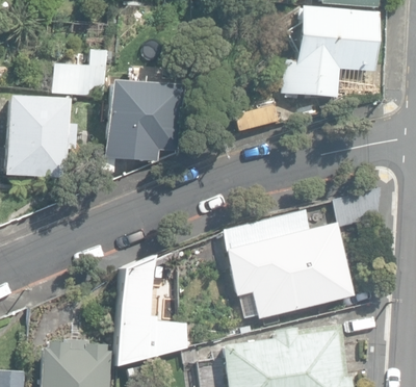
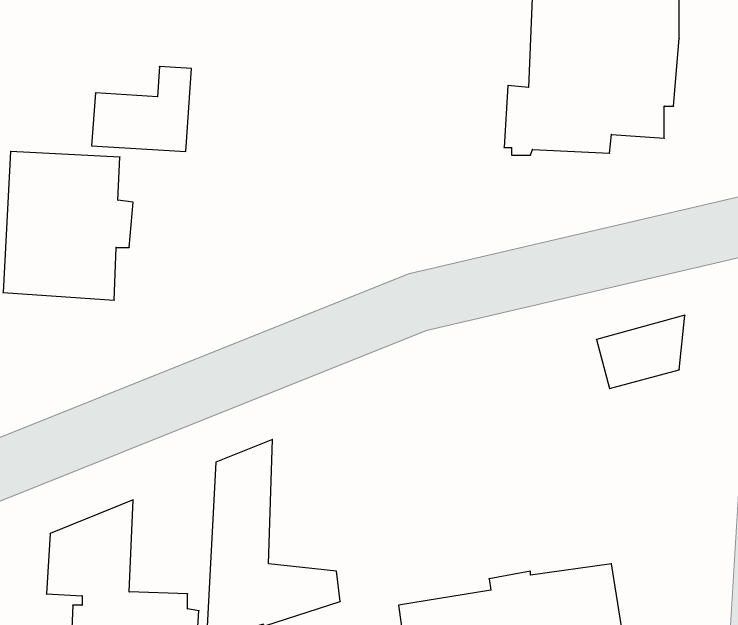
building: [105,81,182,160] -> none
building: [220,209,353,318] -> none

